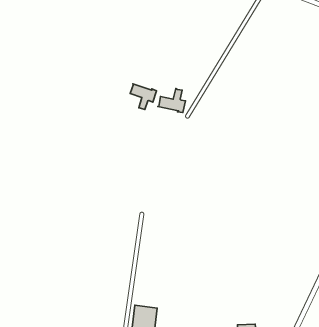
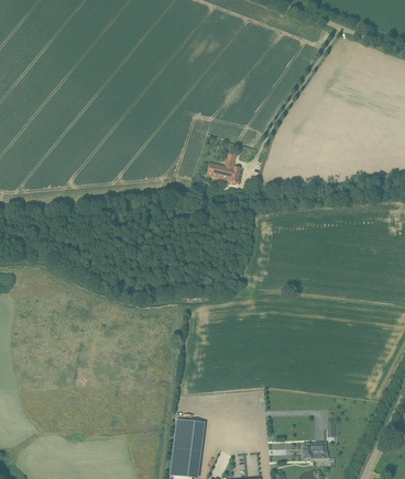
building: [130,84,157,109] -> none

